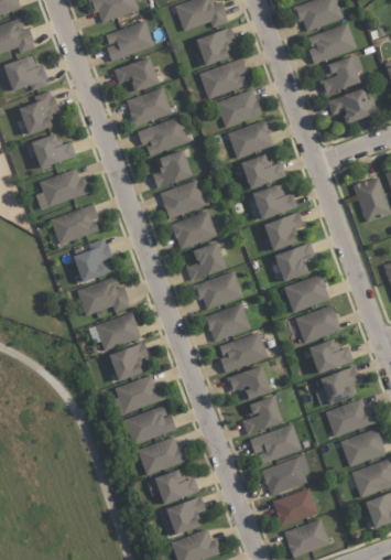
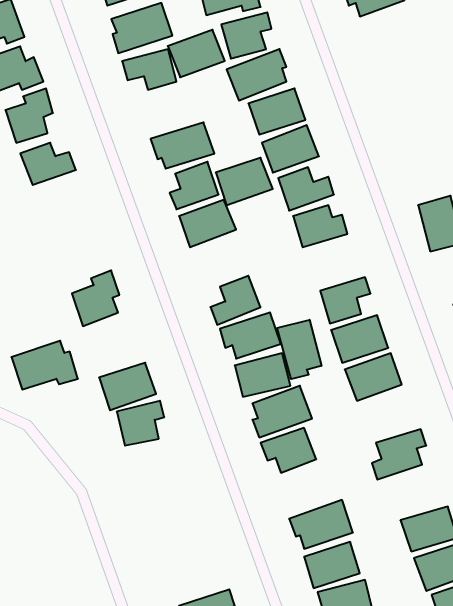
building: [306,24,356,61] -> none
building: [319,54,362,94] -> none
building: [126,87,172,126] -> [168,30,225,77]
building: [327,88,377,122] -> none
building: [35,169,89,208] -> none
building: [51,205,98,243] -> none
building: [171,211,217,249] -> [216,158,273,205]
building: [263,212,303,250] -> none
building: [76,276,130,315] -> [11,341,78,390]
building: none -> [277,320,321,379]
building: [308,338,354,373] -> none
building: [113,376,165,412] -> none
building: [242,396,282,433] -> none
building: [325,398,376,437] -> none
building: [123,406,176,444] -> none
building: [137,437,187,475] -> none
building: [146,471,199,503] -> none

